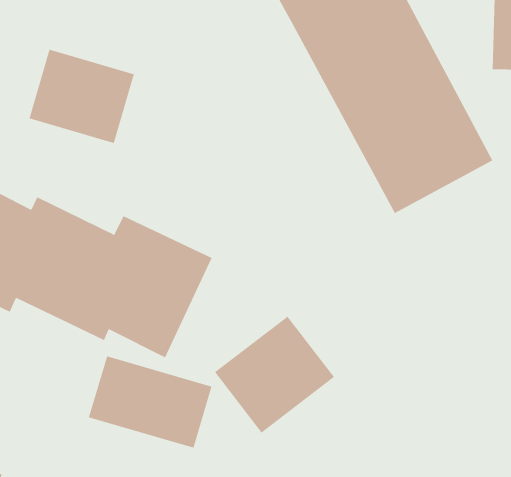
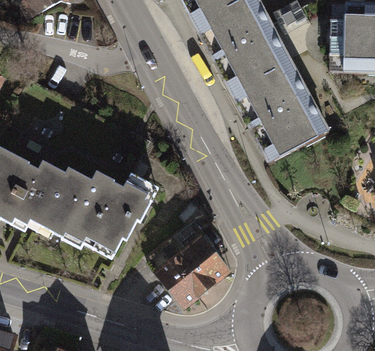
building: [29,49,134,144] -> none
building: [88,355,212,449] -> none

